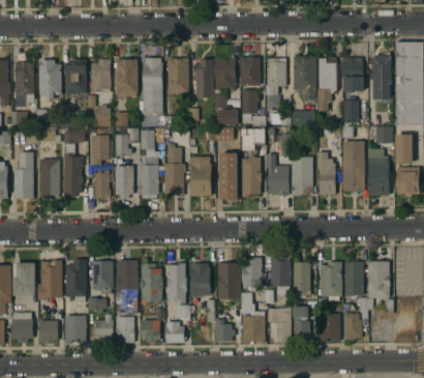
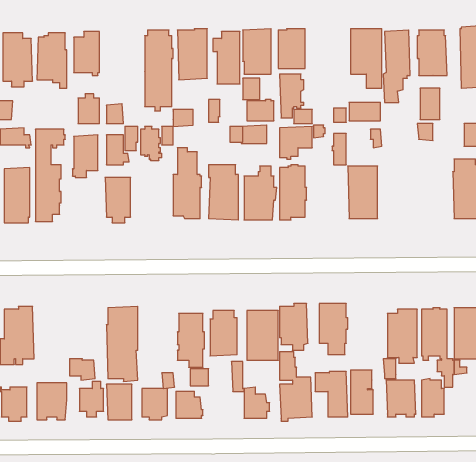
building: [116,59,138,99] -> none
building: [265,59,285,111] -> none
building: [341,141,364,193] -> none
building: [316,152,335,195] -> none
building: [266,154,289,196] -> none
building: [140,157,158,199] -> none
building: [93,171,110,199] -> none
building: [65,260,86,302] -> none
building: [91,261,113,294] -> none
building: [293,262,310,299] -> none
building: [140,264,162,304] -> none

